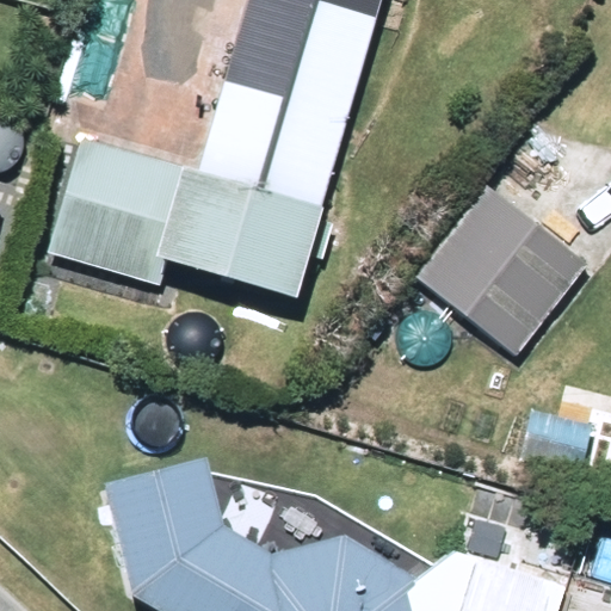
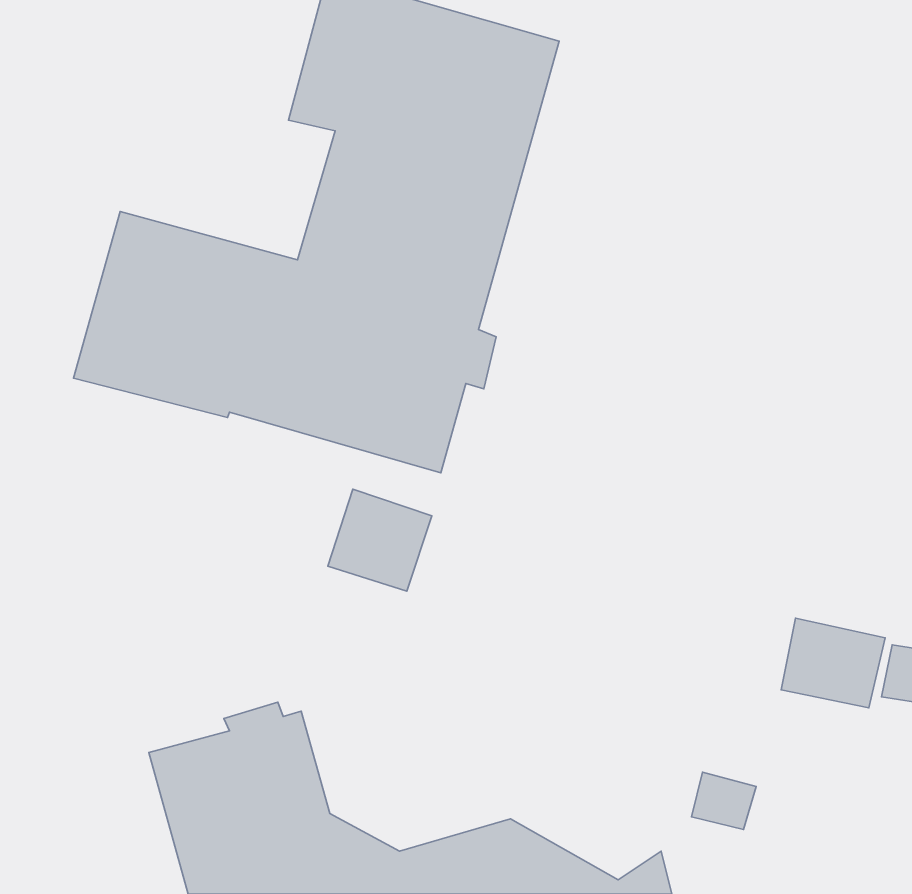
building: [412,178,581,346] -> none

